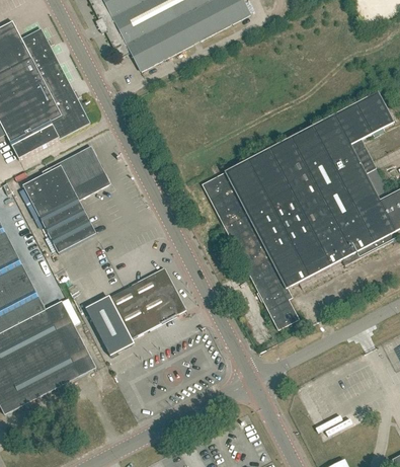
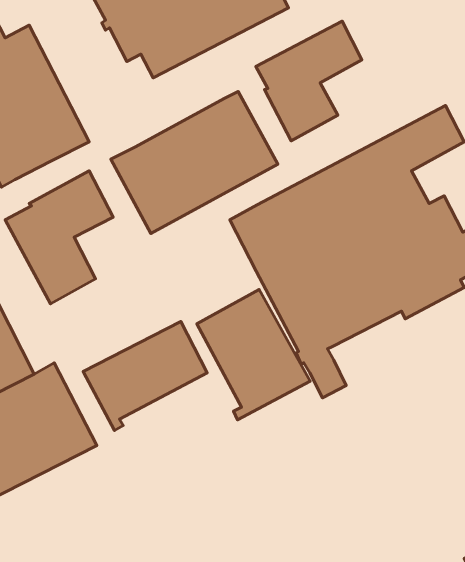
building: none -> [256,21,362,141]
building: none -> [111,92,278,233]
building: none -> [197,290,310,420]

